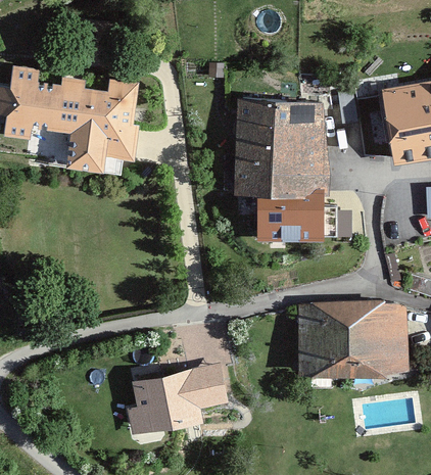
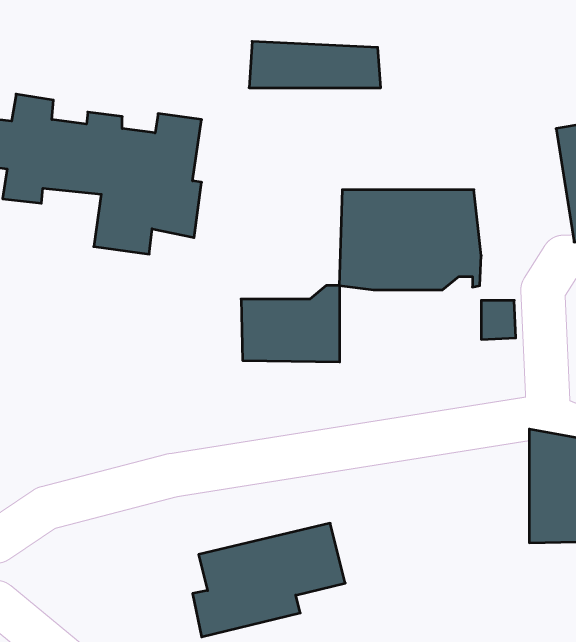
building: [234,100,324,132] -> [249,41,381,88]
building: [255,191,323,243] -> [241,286,340,362]
building: [302,295,362,373] -> none

